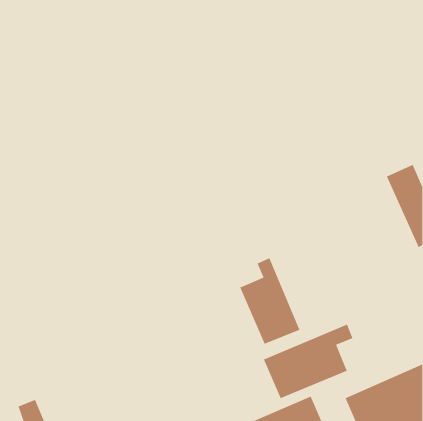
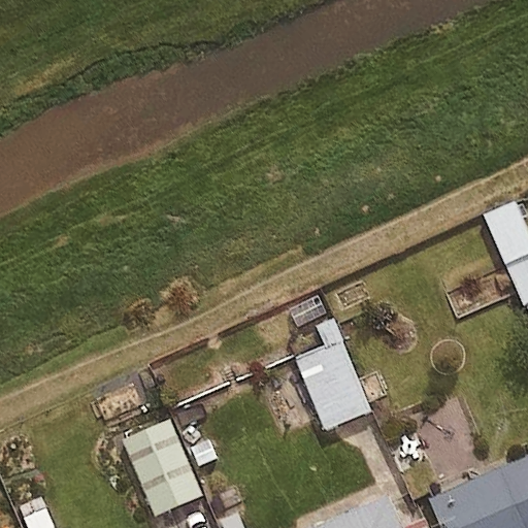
building: [263,324,353,399] -> none
building: none -> [126,423,205,519]

